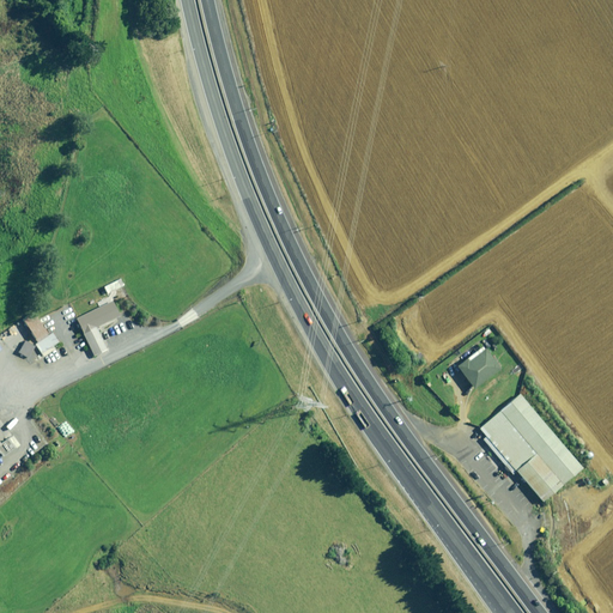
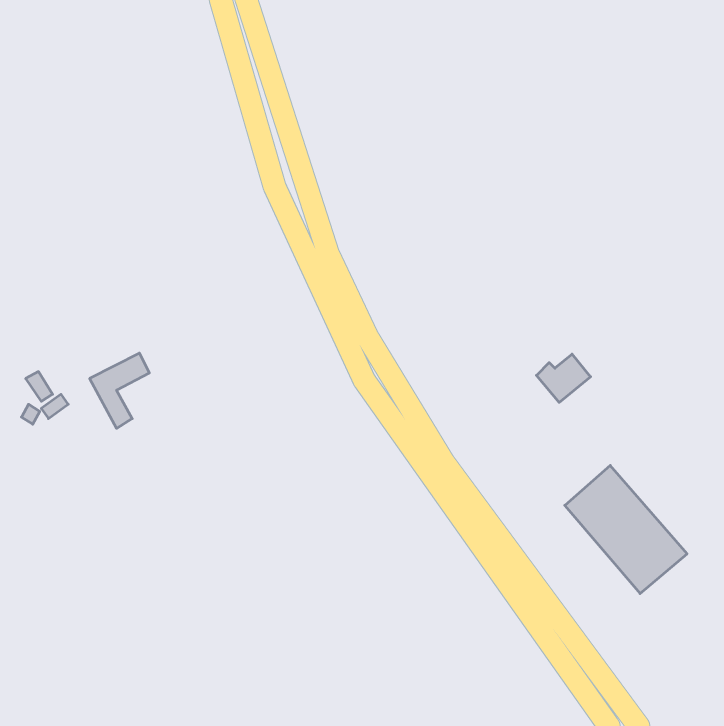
building: [456,347,502,388] -> [536,354,591,402]

